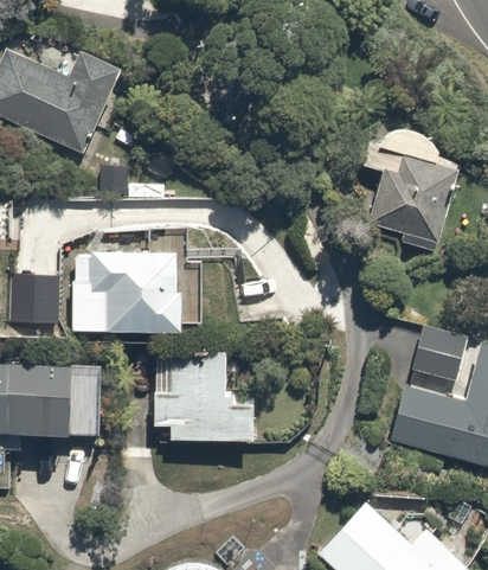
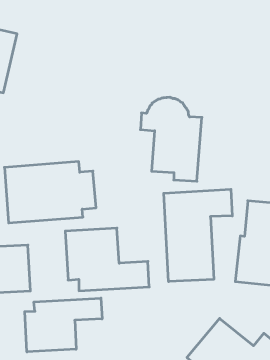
building: [361,126,451,250] -> [140,97,202,181]
building: none -> [164,189,232,282]
building: none -> [25,298,102,352]

